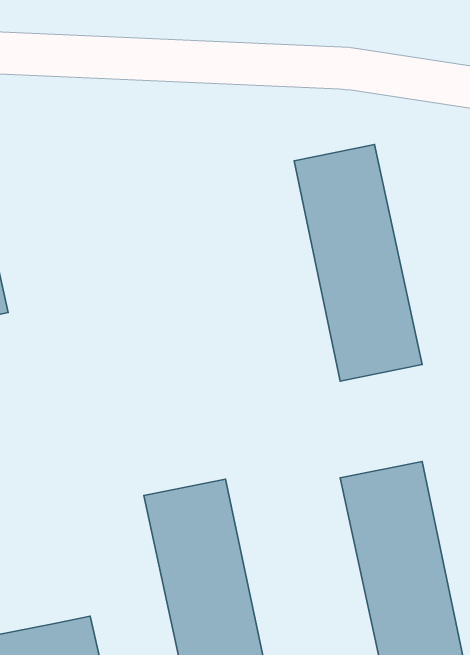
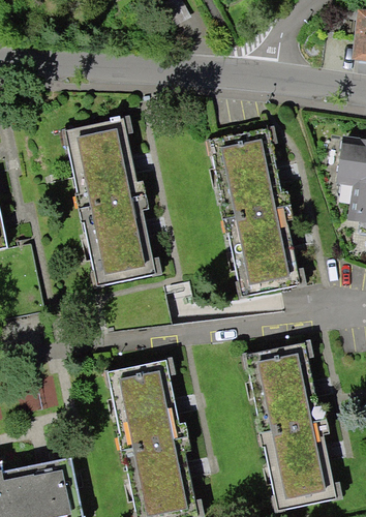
building: none -> [66,118,155,282]

